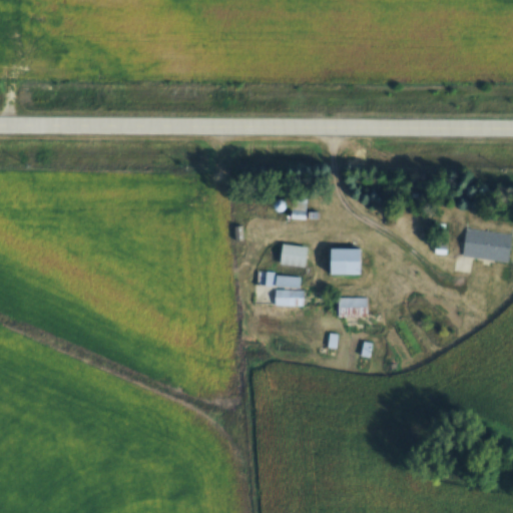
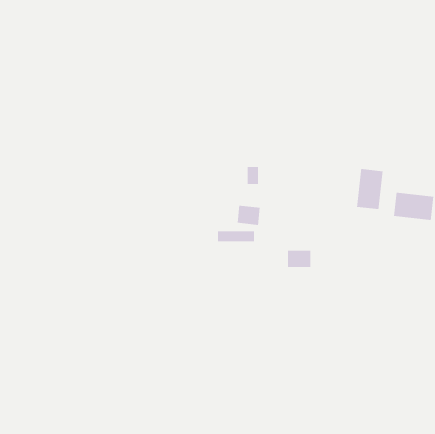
building: none -> [356,168,383,210]
building: [332,248,362,275] -> none
building: [276,291,303,306] -> none

